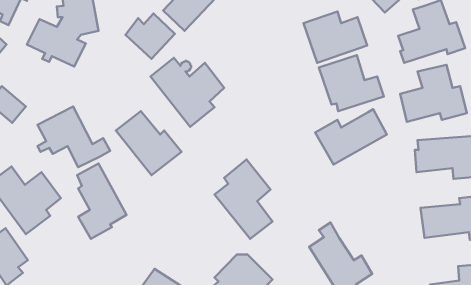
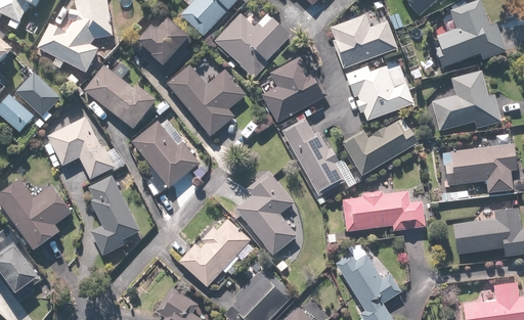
building: none -> [214,12,291,77]
building: none -> [261,56,326,124]
building: none -> [84,61,158,130]
building: none -> [15,72,60,117]
building: none -> [281,118,344,194]
building: none -> [342,190,427,231]
building: none -> [179,218,248,285]

